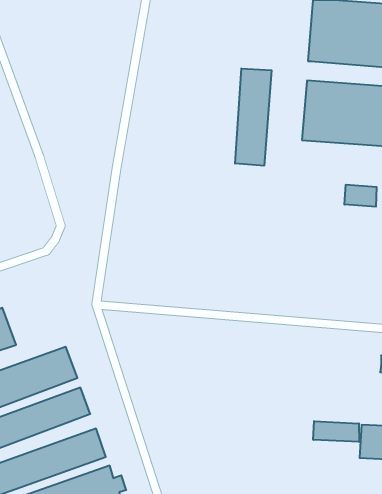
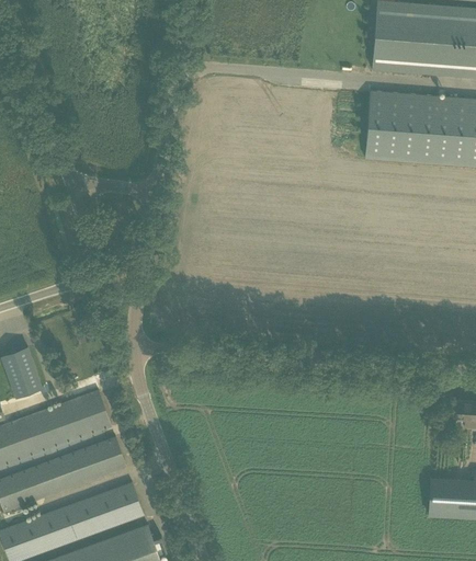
building: [235,68,272,166] -> none
building: [344,185,377,207] -> none
building: [313,421,359,442] -> none

